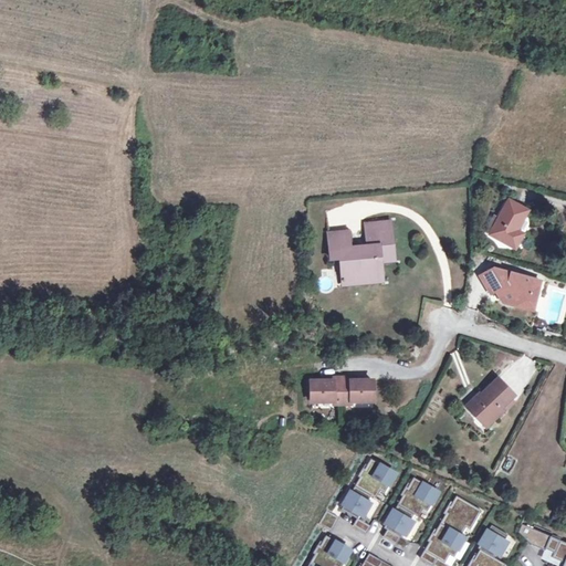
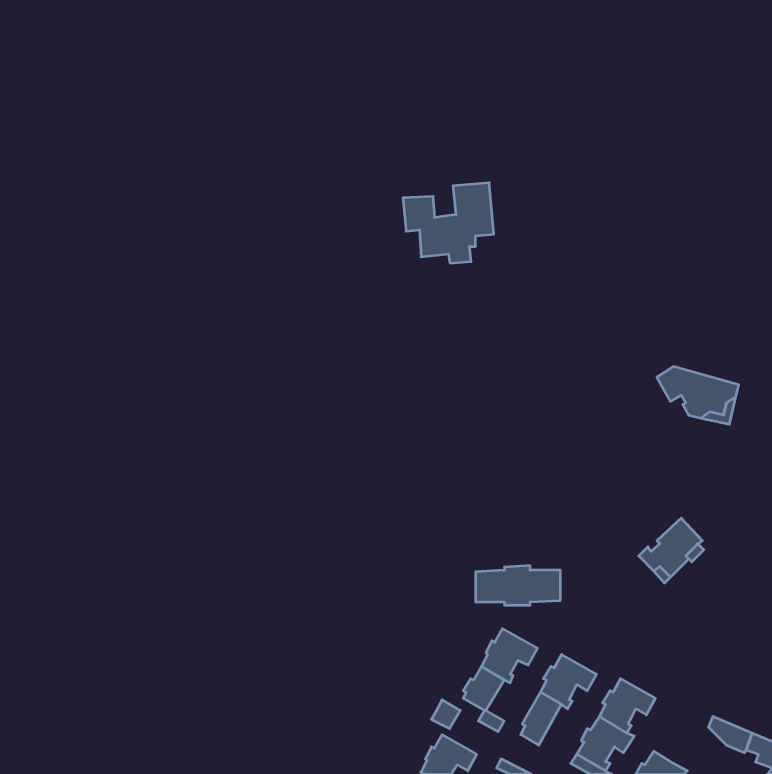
building: [492,201,528,248] -> none
building: [329,222,396,281] -> [403,183,494,263]
building: [312,376,374,405] -> [476,566,560,605]
building: [476,524,506,557] -> none

